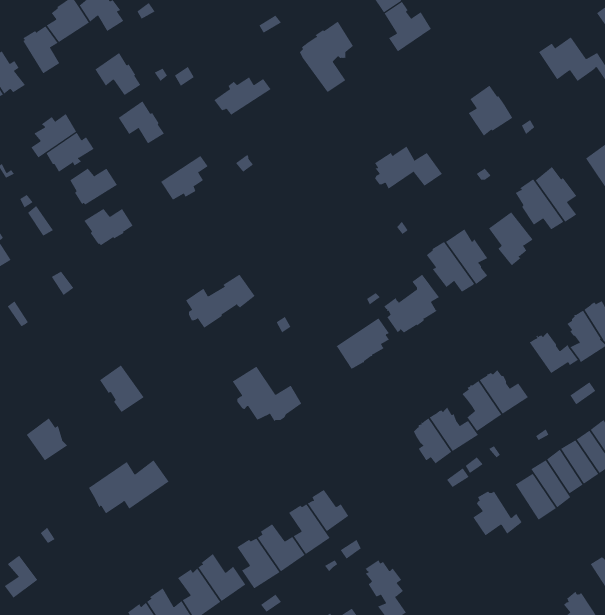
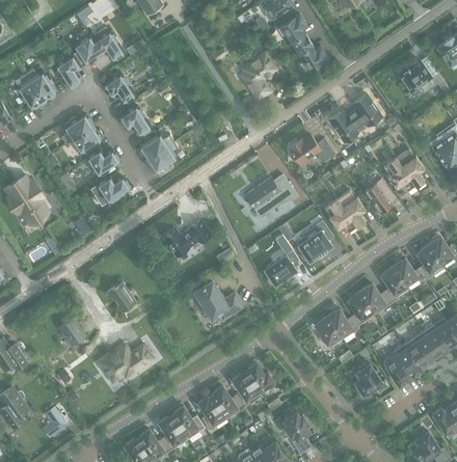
building: [214,77,271,116] -> [135,133,173,159]
building: none -> [328,110,361,142]
building: none -> [244,174,296,216]
building: none -> [380,266,408,302]

